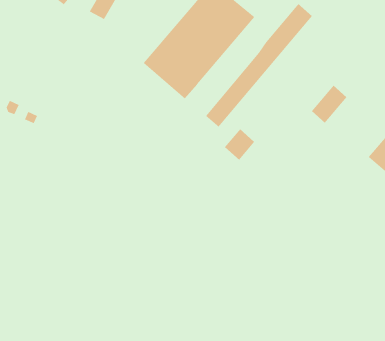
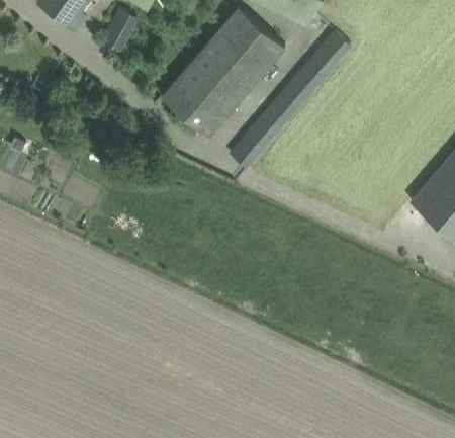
building: [311,85,347,123] -> none
building: [224,129,255,160] -> none

